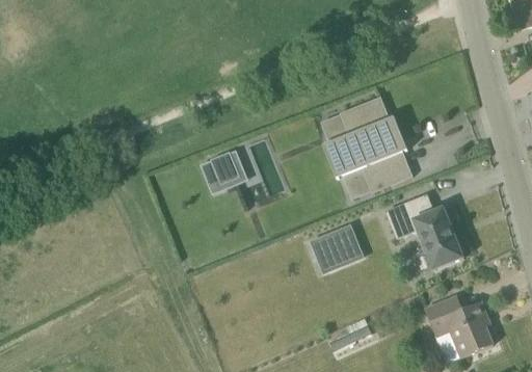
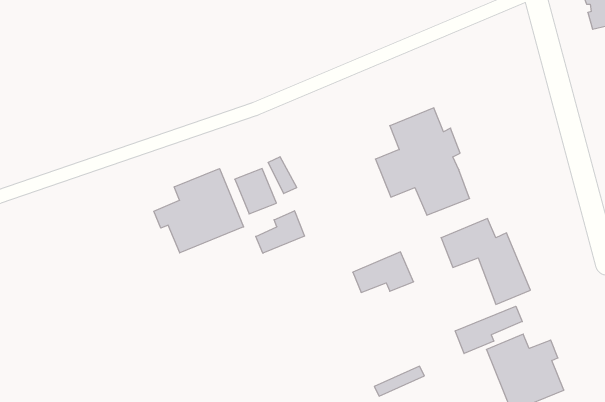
building: none -> [154,169,244,253]
building: none -> [256,211,304,253]
building: none -> [455,306,522,354]

